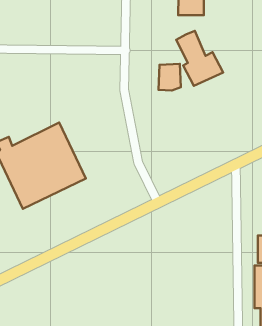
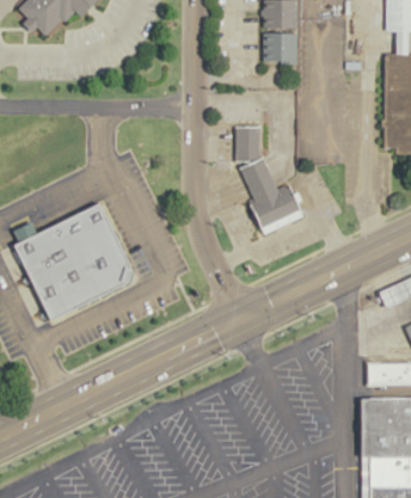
building: [176,31,223,86] -> [239,158,302,232]

